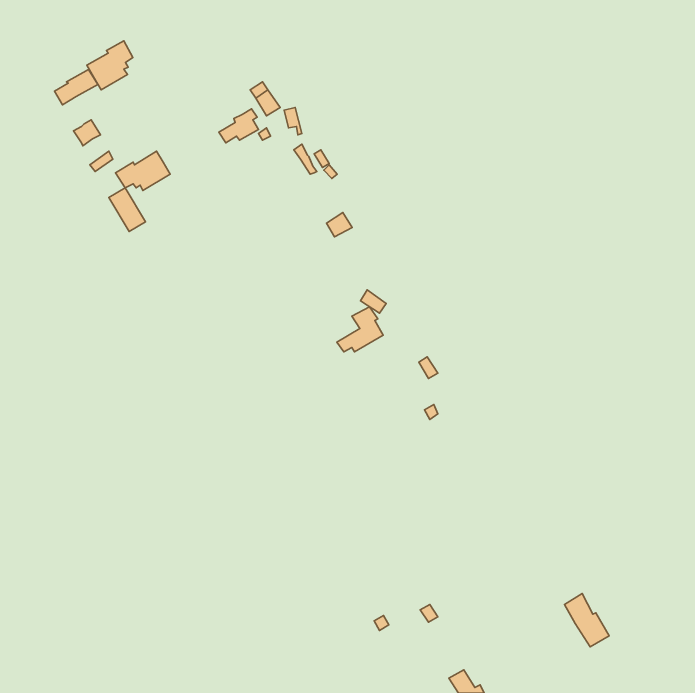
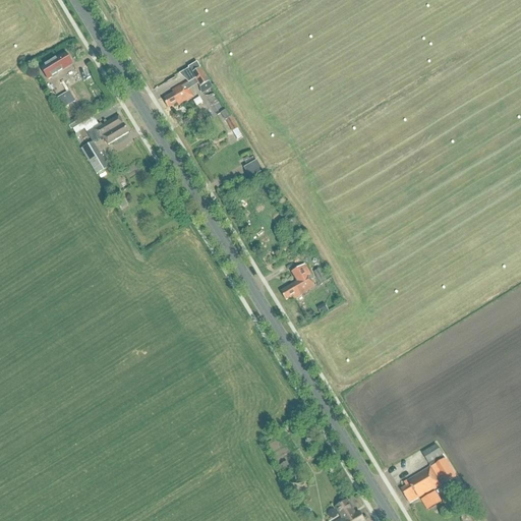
building: [87,41,133,90] -> none
building: [337,307,383,352] -> [281,265,315,298]
building: none -> [401,466,442,503]

